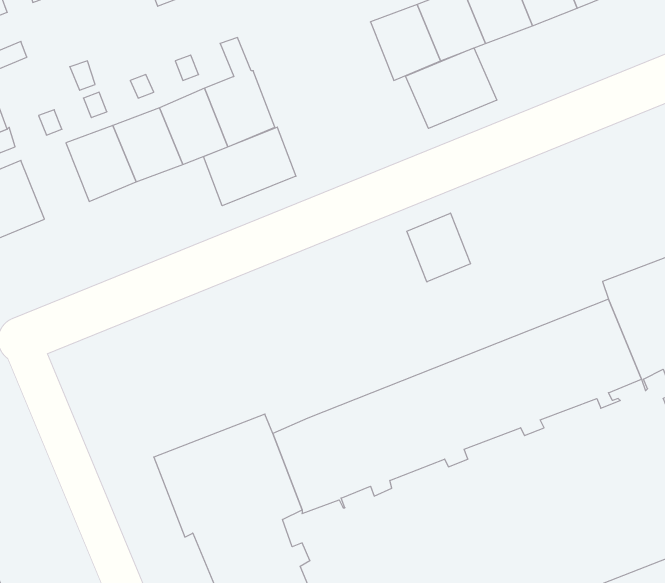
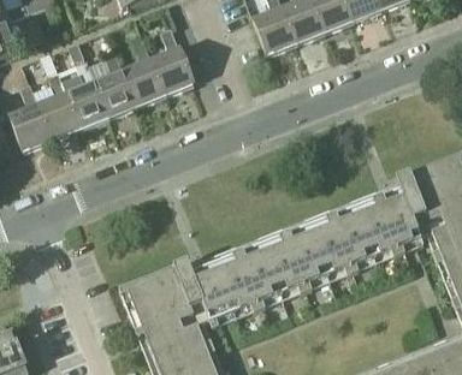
building: [406,48,497,128] -> none
building: [204,127,296,206] -> none
building: none -> [37,93,79,139]
building: [407,213,471,282] -> none

